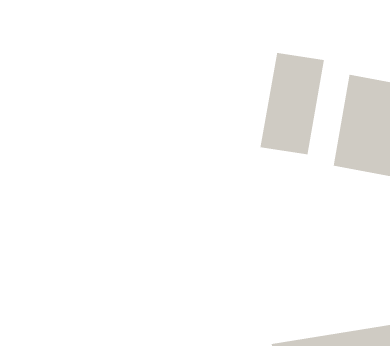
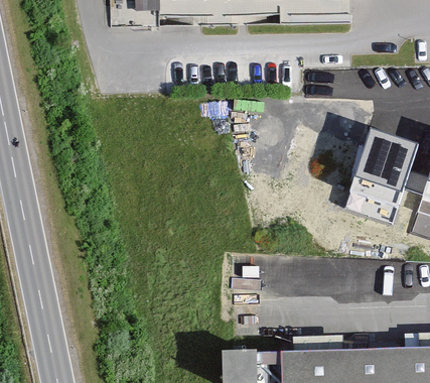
building: [260,52,325,155] -> none

